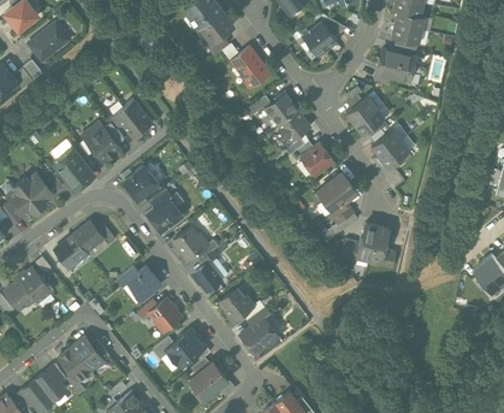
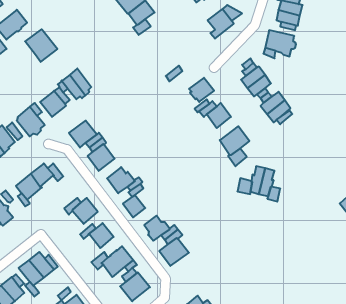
building: [231,47,268,89] -> none
building: none -> [25,29,57,62]
building: [265,94,297,125] -> none

